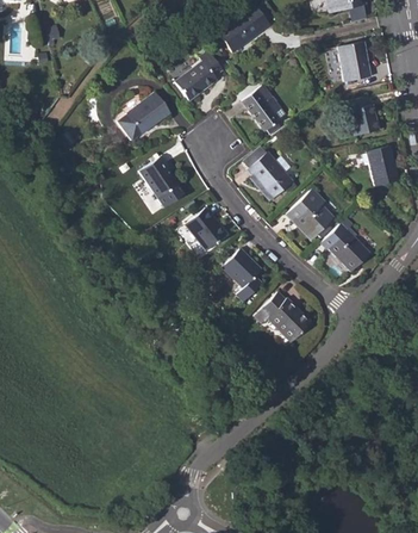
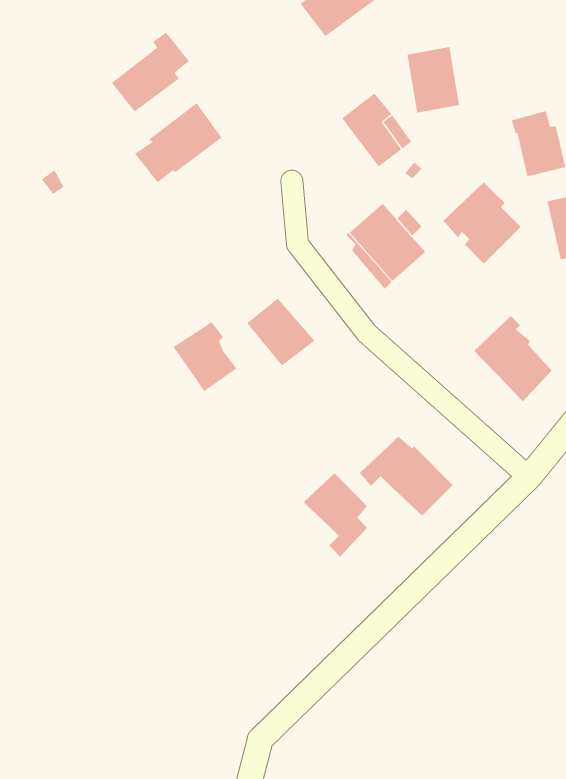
building: [338,42,370,82] -> [407,46,460,113]
building: [176,51,224,100] -> [111,32,190,112]
building: [139,155,179,198] -> [172,321,238,392]
building: [287,190,335,240] -> [442,181,521,264]
building: [222,249,261,300] -> [303,473,368,557]

